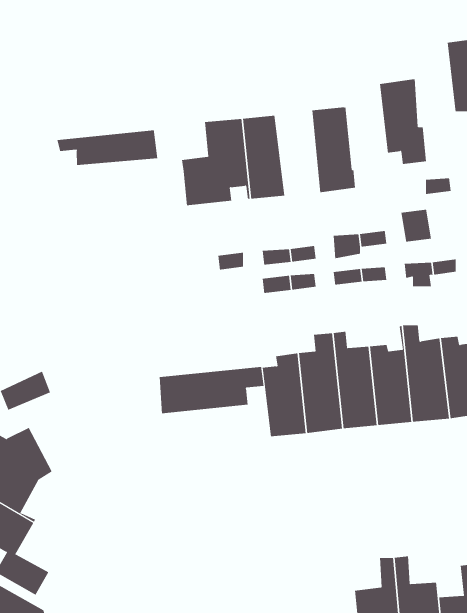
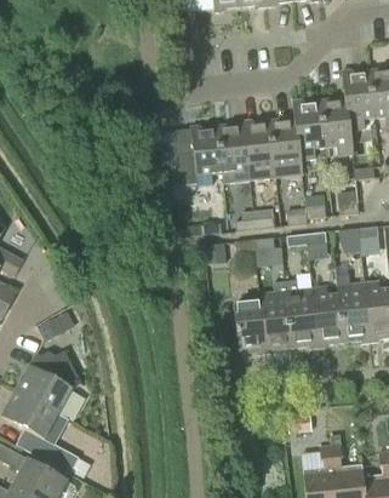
building: none -> [343,67,376,128]
building: none -> [293,97,326,160]
building: none -> [244,116,276,179]
building: [57,129,158,166] -> none
building: [159,366,264,414] -> none

